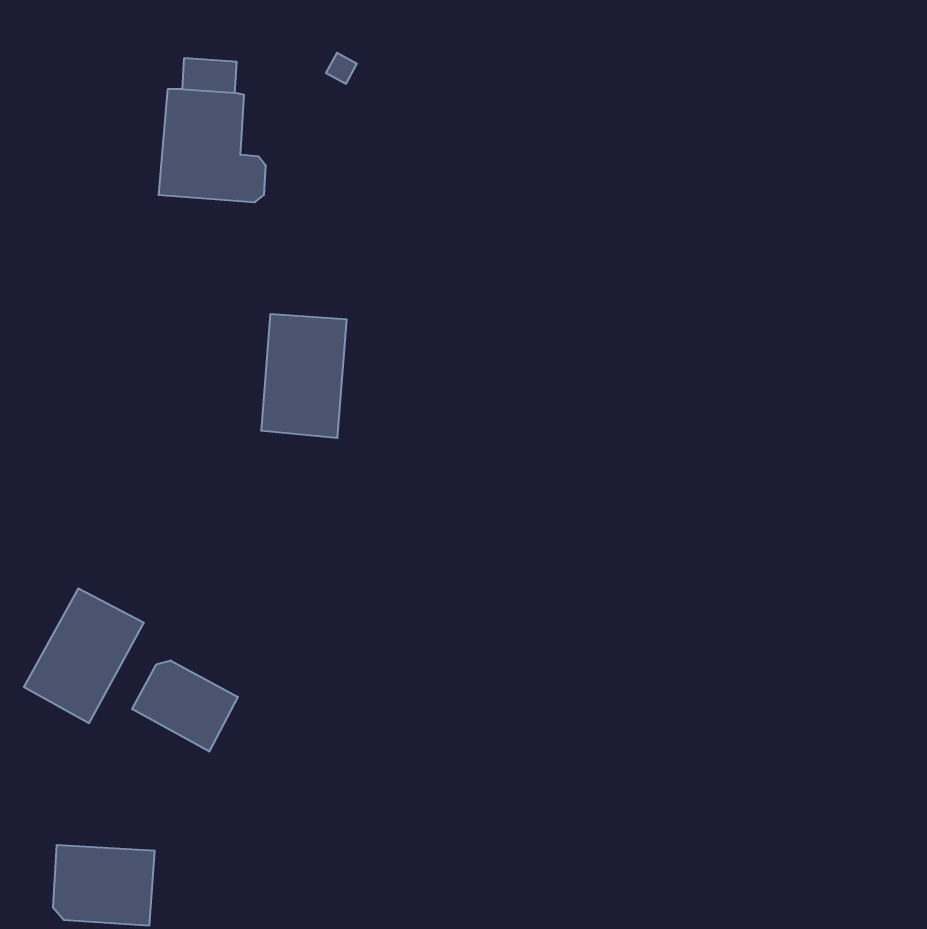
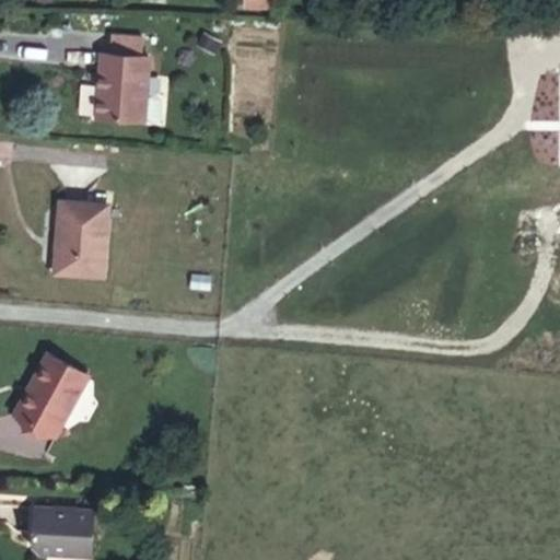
building: [261,314,347,438] -> [55,202,106,277]
building: [132,660,238,752] -> none

